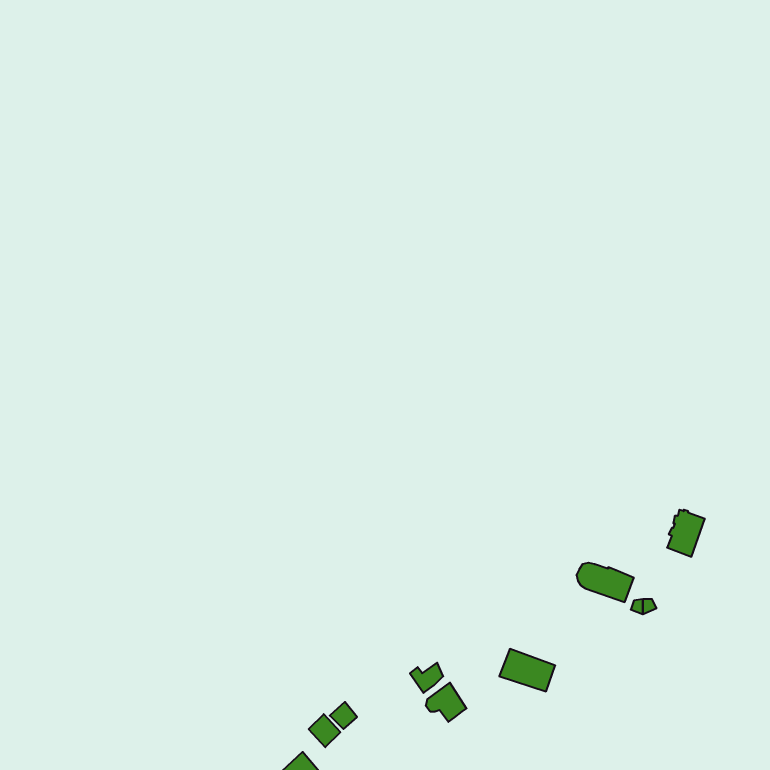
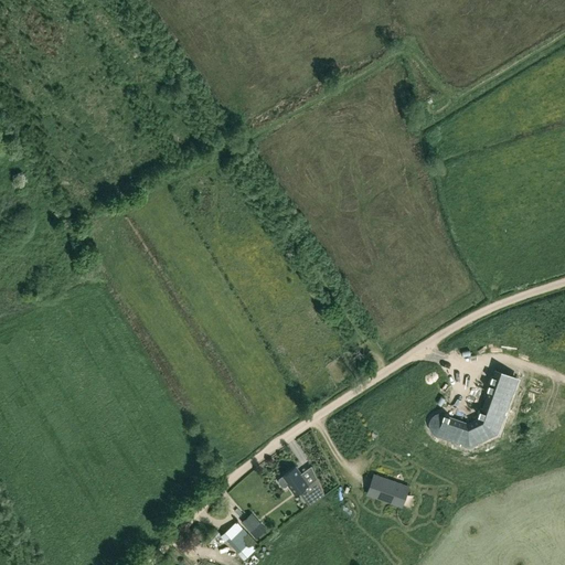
building: none -> [476,408,504,440]
building: [426,683,467,722] -> [280,468,310,497]

